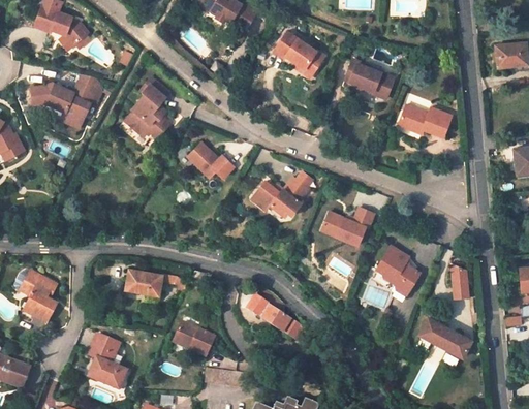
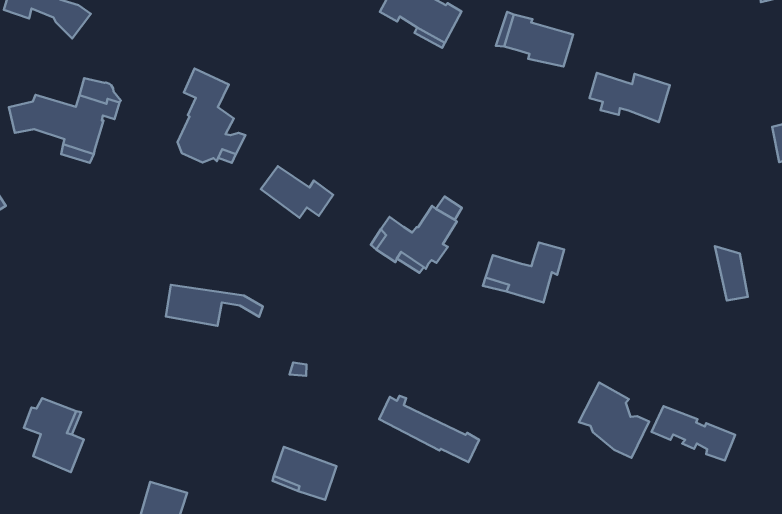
building: [375,245,419,294] -> [579,383,649,458]
building: [127,262,189,291] -> [166,285,263,326]
building: [449,264,467,300] -> [715,246,748,301]

